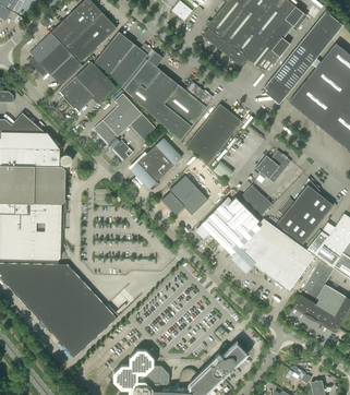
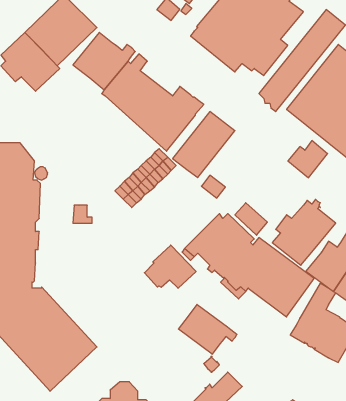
building: [59,61,117,112] -> none
building: [94,93,157,160] -> none
building: [255,149,291,183] -> [288,141,328,178]
building: [161,175,208,214] -> [144,245,196,288]
building: none -> [178,304,237,354]

